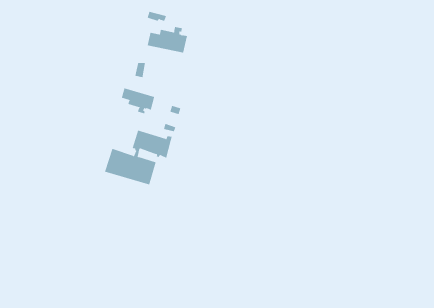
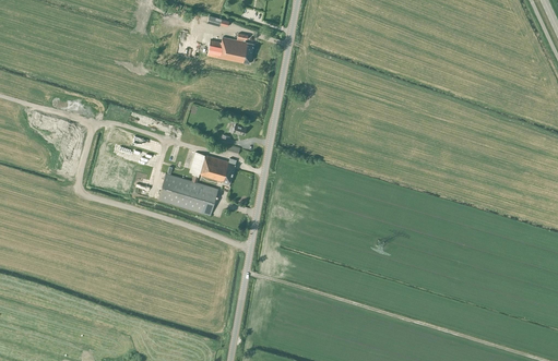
building: [121,87,155,114] -> none

